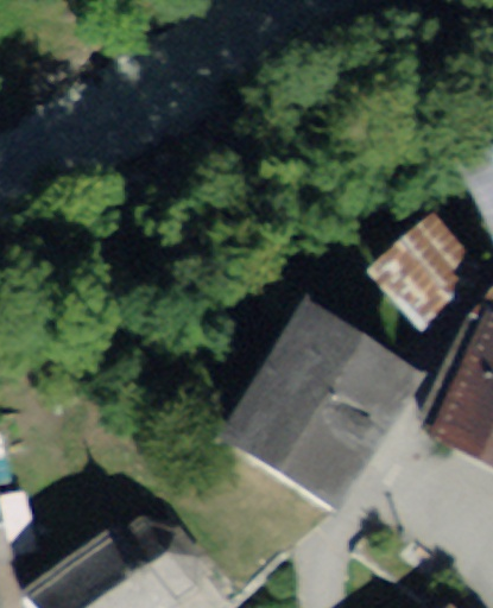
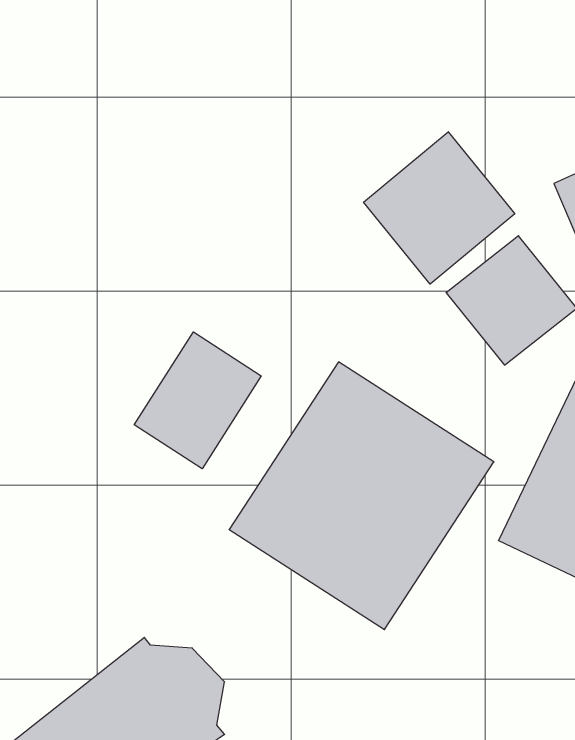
building: none -> [364,132,515,284]
building: none -> [134,332,261,469]

